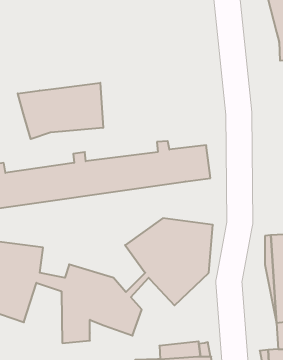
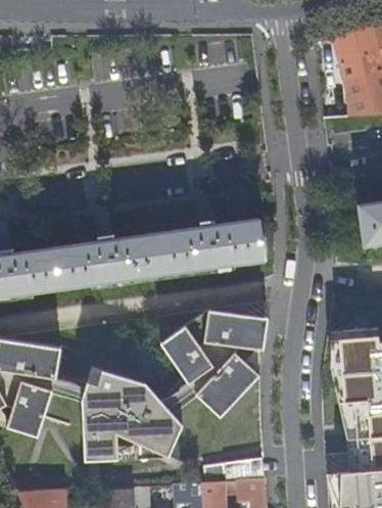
building: [18,83,103,139] -> none

